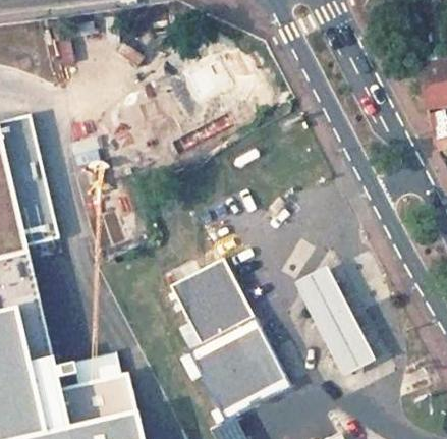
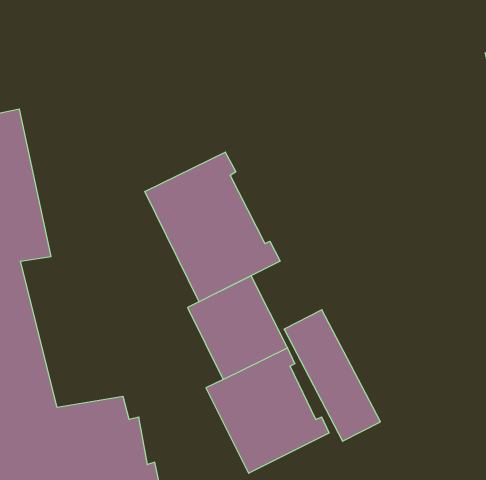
building: none -> [145,152,280,302]
building: [295,267,376,377] -> [284,310,380,441]

